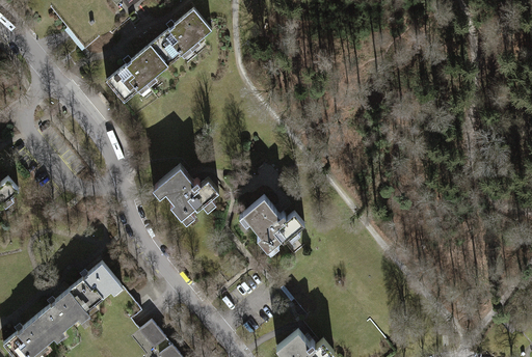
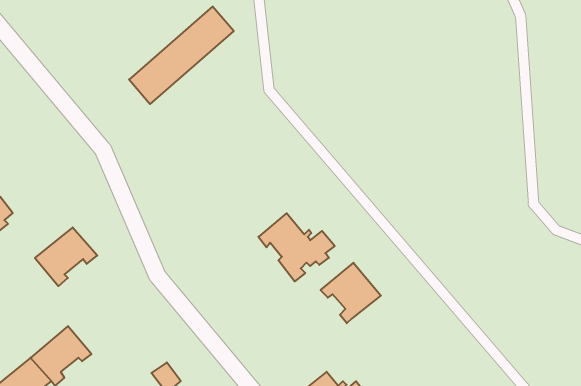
building: [149,166,217,226] -> none
building: none -> [321,263,381,323]
building: [64,264,119,315] -> [35,227,97,286]

